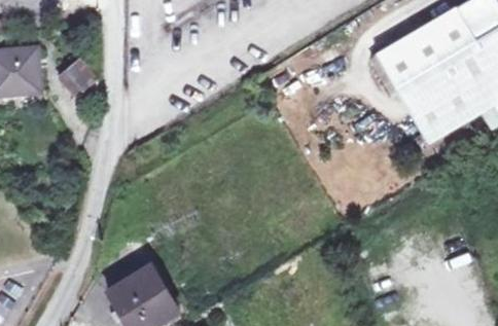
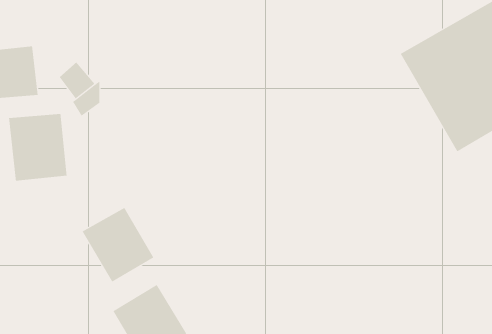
building: none -> [9,113,67,181]
building: none -> [82,207,154,283]

